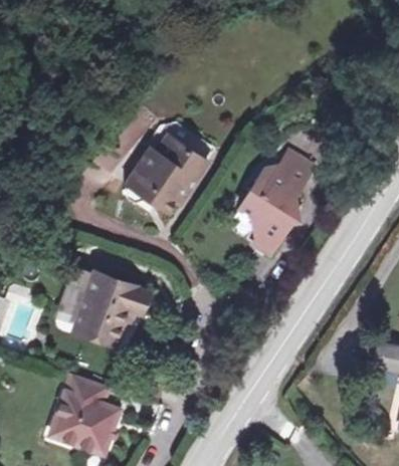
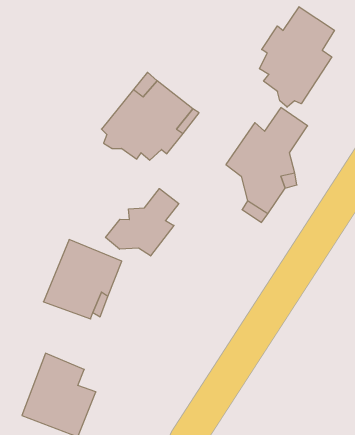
building: none -> [260,7,334,107]
building: none -> [106,189,179,256]

